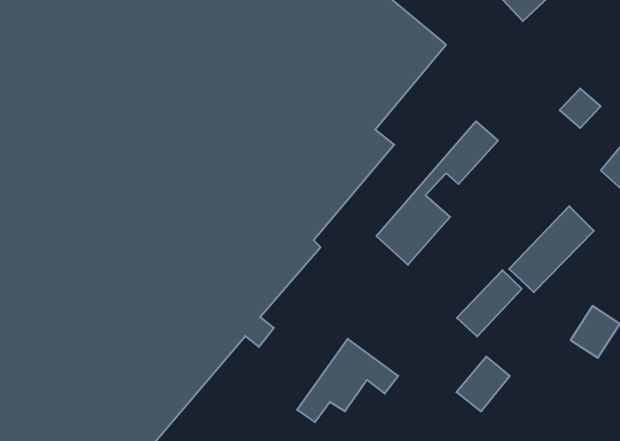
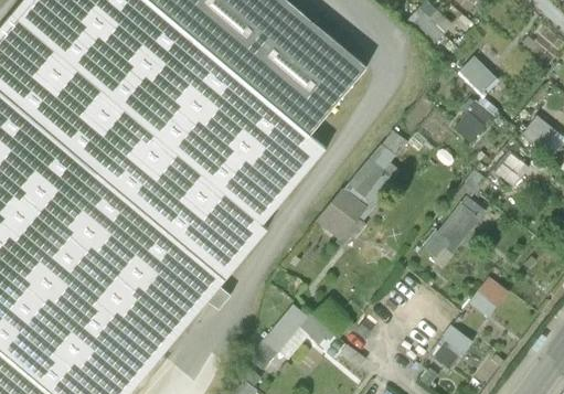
building: none -> [457,56,499,97]
building: [457,270,522,337] -> none
building: [456,357,510,411] -> [427,326,470,370]

